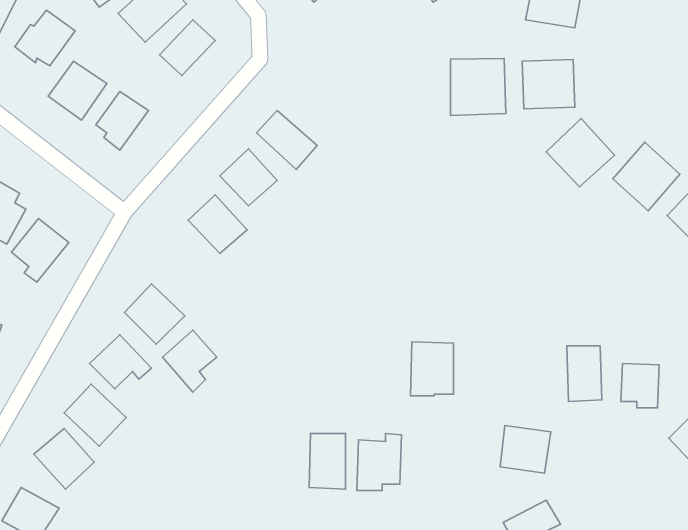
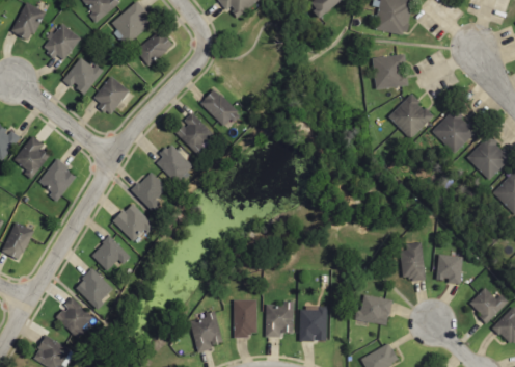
building: [450,58,506,116] -> none
building: [163,330,217,392] -> [132,171,167,211]
building: [410,342,453,396] -> [299,306,327,341]
building: none -> [190,310,222,352]

